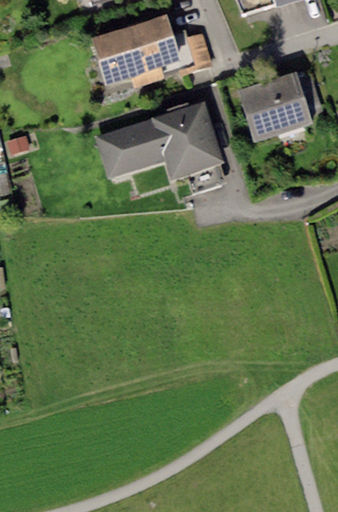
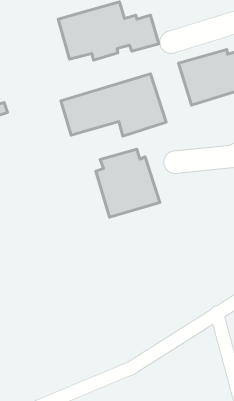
building: none -> [96,149,160,217]

